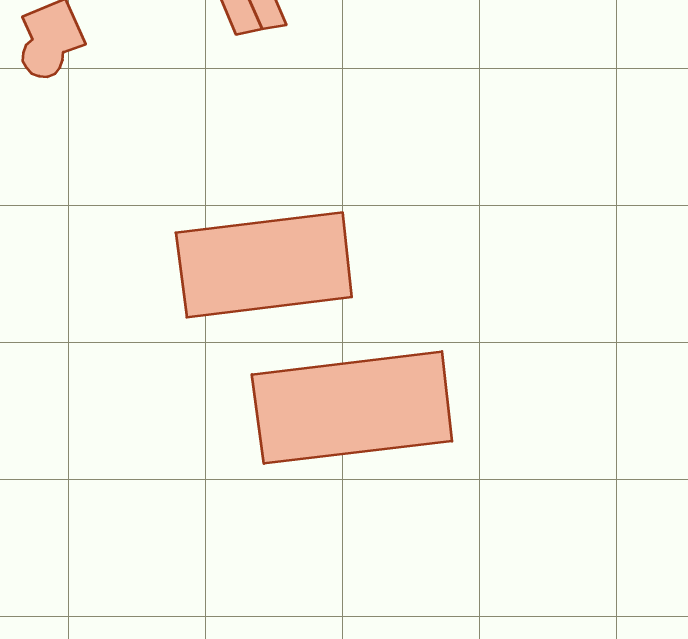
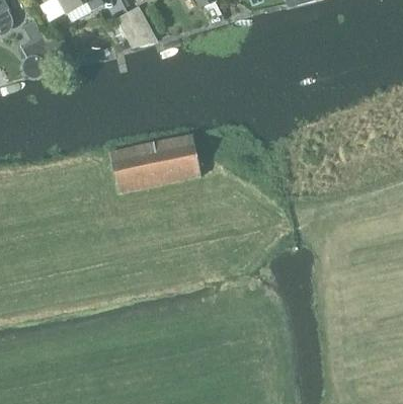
building: [252,351,452,464] -> none

